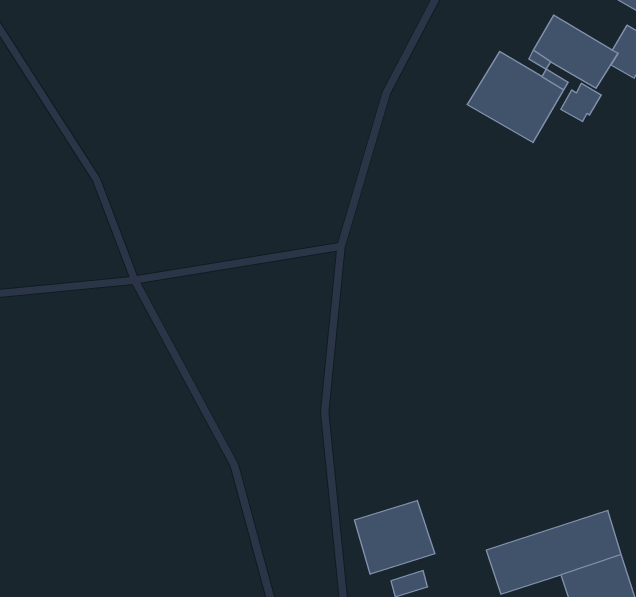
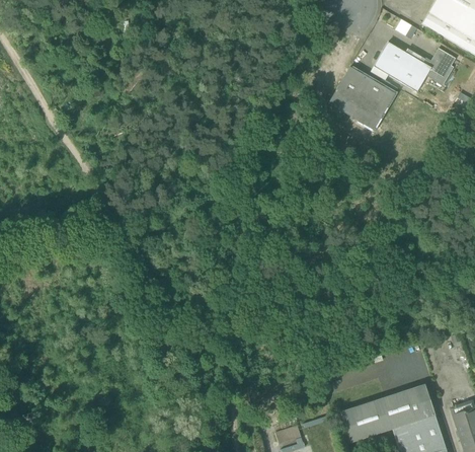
building: [561,83,601,122] -> none
building: [354,500,435,574] -> none

